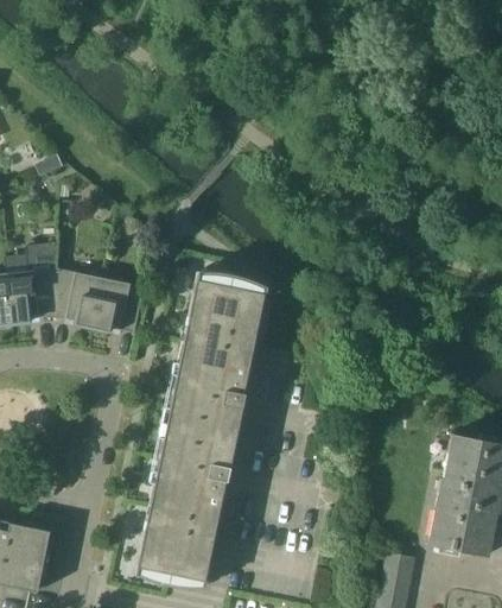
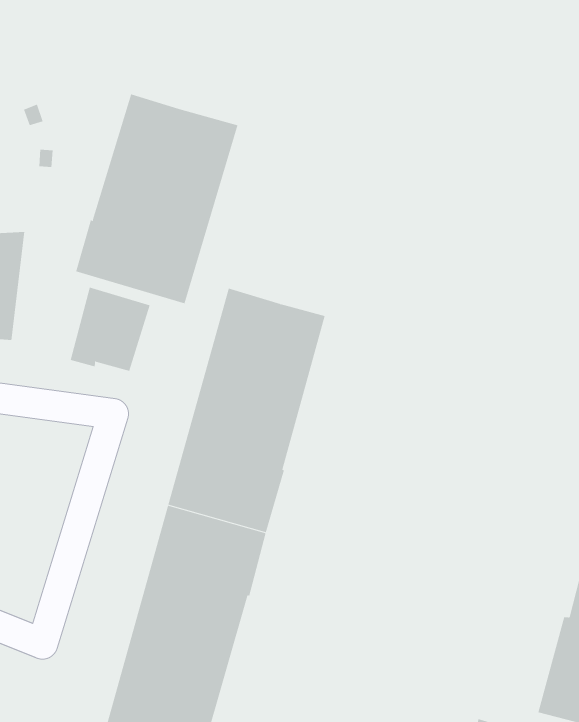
building: none -> [76,93,238,304]
building: [52,268,102,329] -> none

